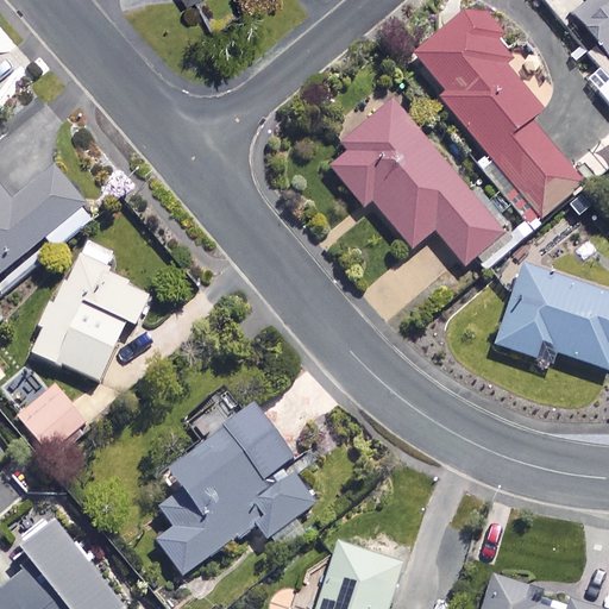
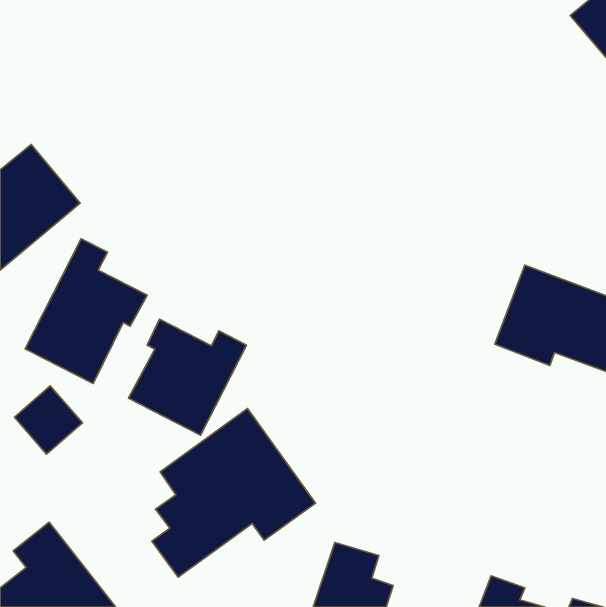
building: [412,6,585,219] -> none
building: [324,100,503,264] -> none
building: none -> [128,319,246,435]

